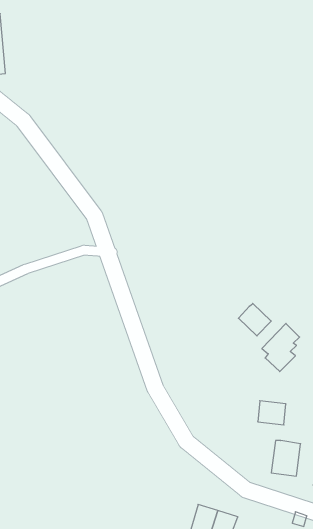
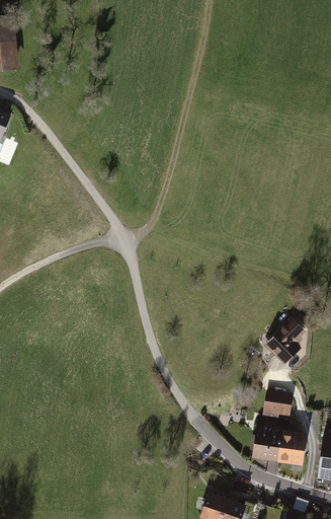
building: [238,303,271,336] -> none
building: none -> [251,418,286,461]

